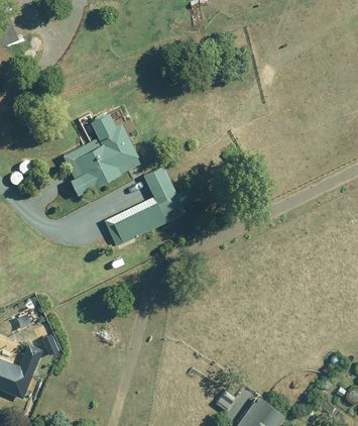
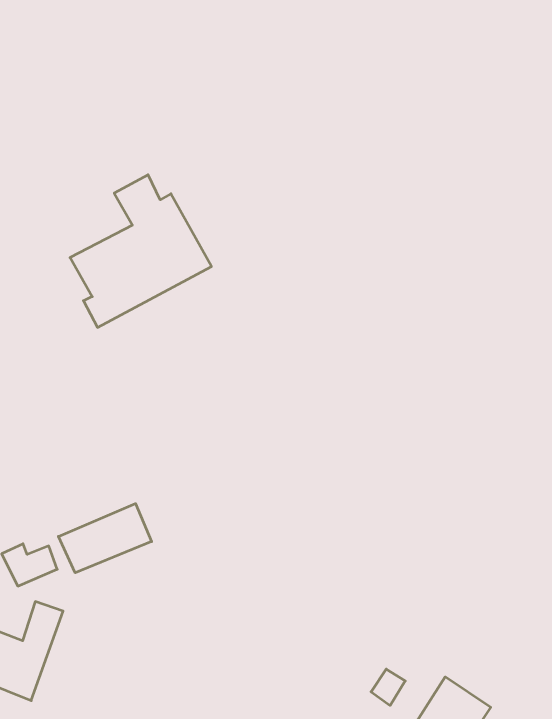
building: [104,167,185,246] -> none
building: none -> [58,504,152,573]

